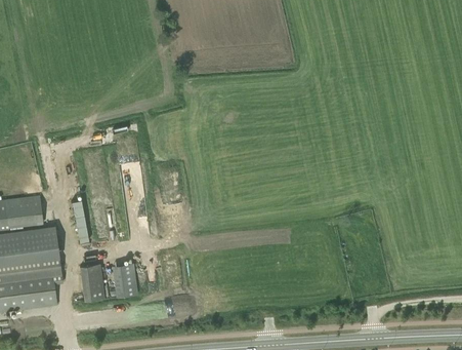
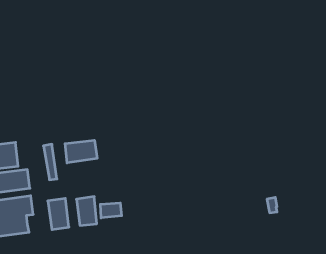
building: none -> [65,140,97,163]
building: none -> [100,203,122,218]

